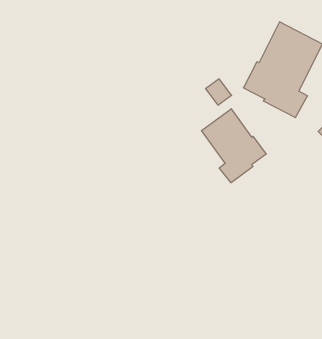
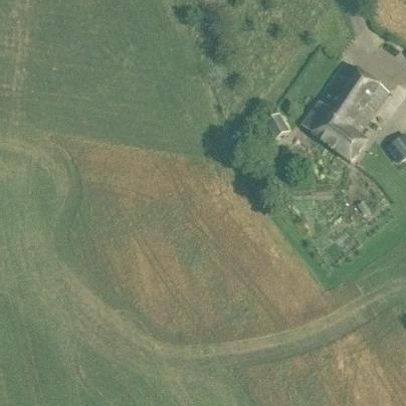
building: [202,109,266,183] -> none

